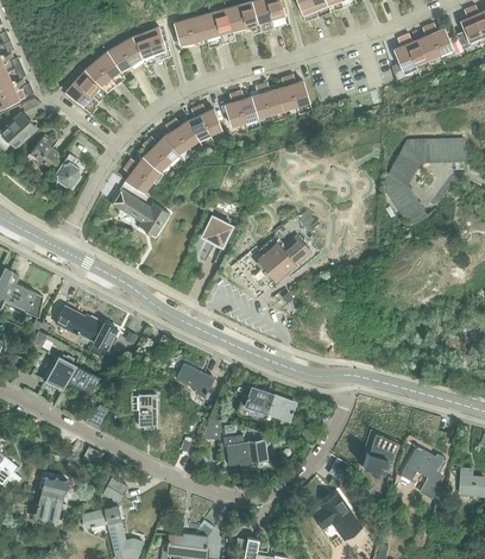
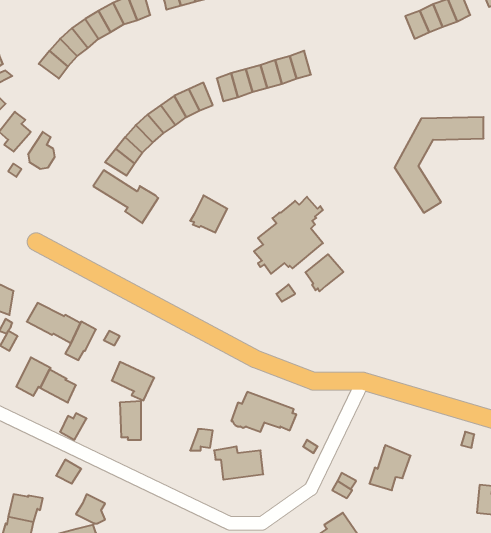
building: none -> [305,254,343,291]
building: [176,364,214,398] -> [112,362,154,400]
building: [401,446,446,500] -> none

